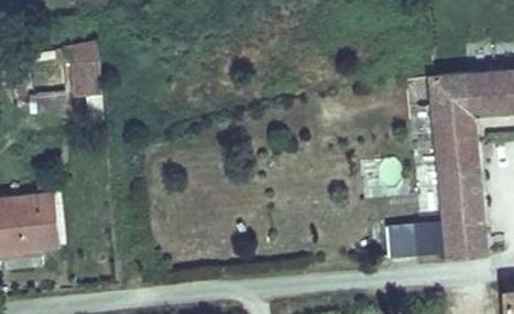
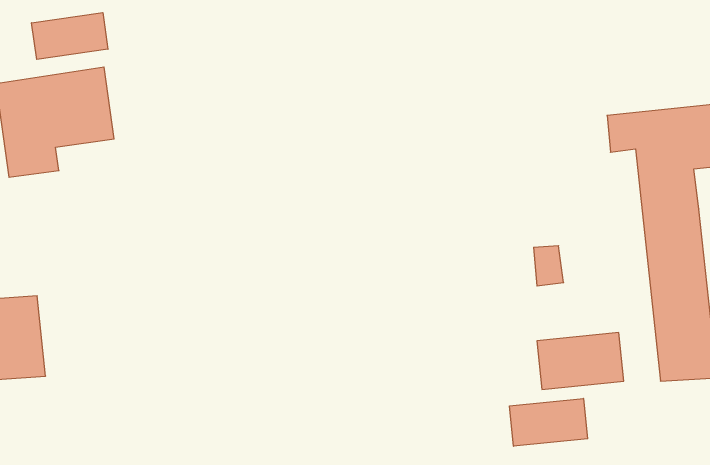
building: none -> [32,13,108,59]
building: none -> [510,398,588,446]

